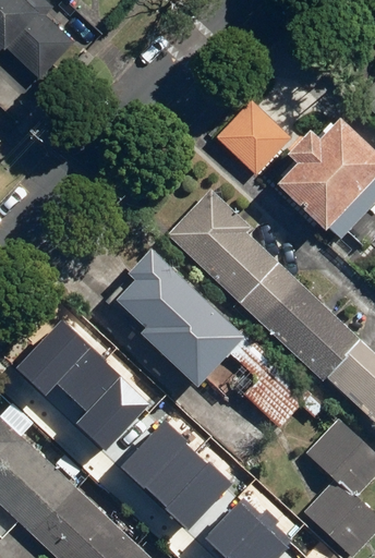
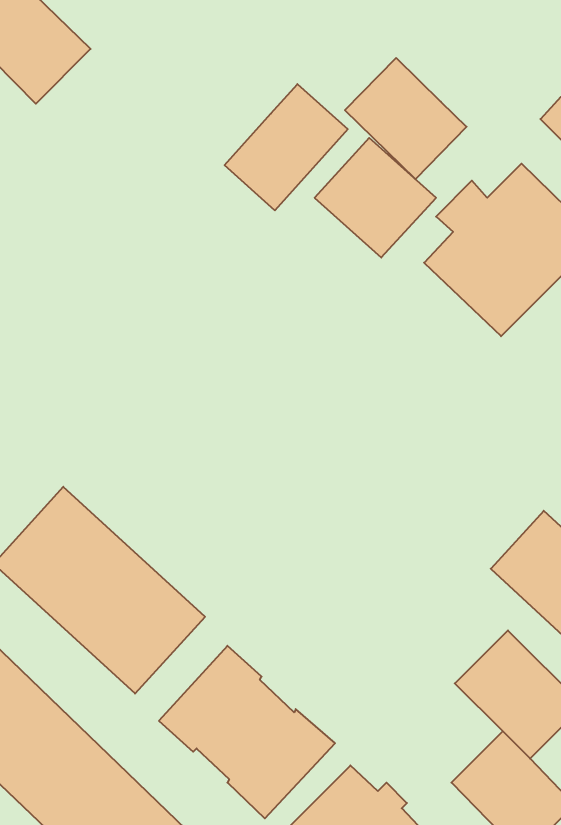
building: none -> [345,58,467,179]
building: none -> [225,84,348,210]
building: [165,186,362,383] -> none
building: [118,246,246,385] -> none

